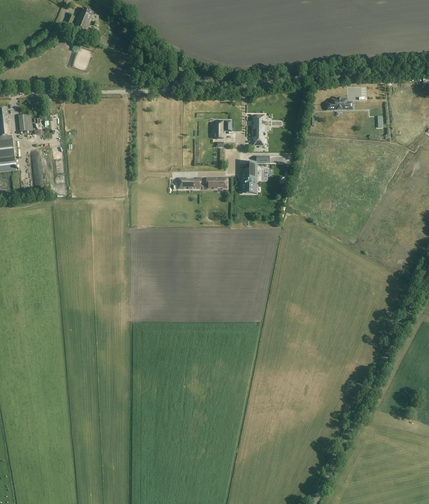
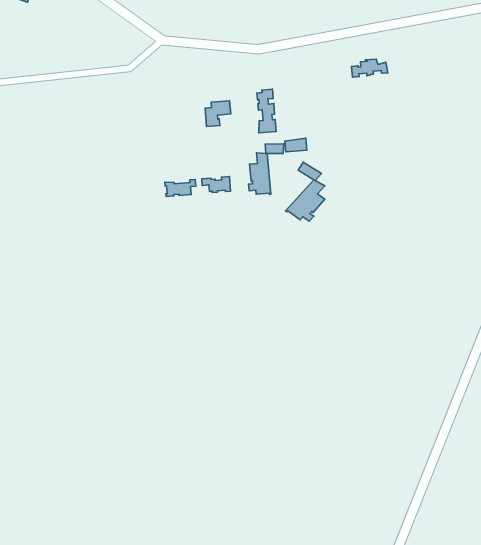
building: none -> [286,162,325,221]

